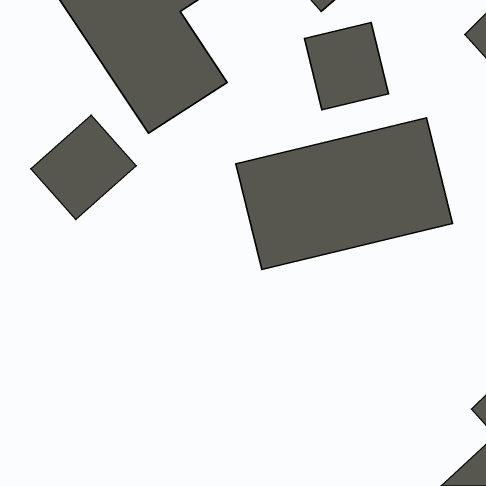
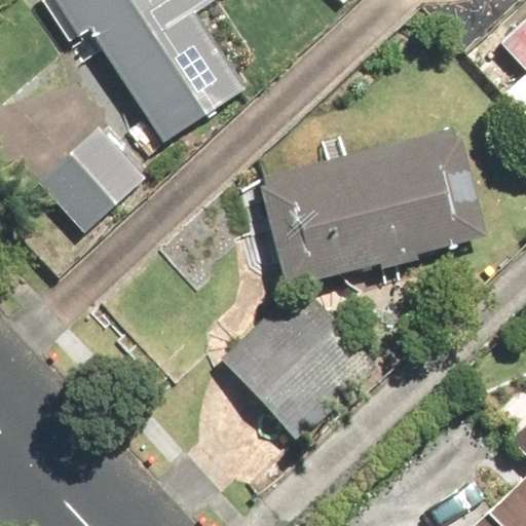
building: [305,22,388,110] -> none
building: none -> [221,290,371,439]

